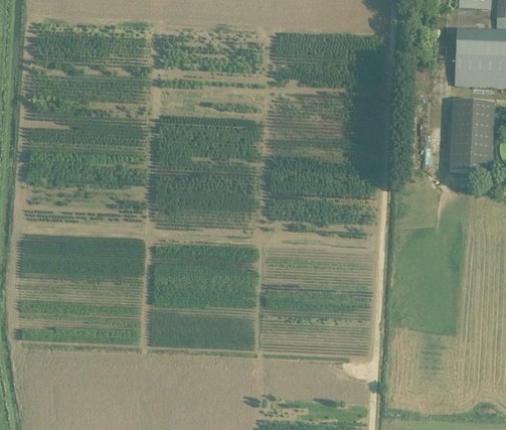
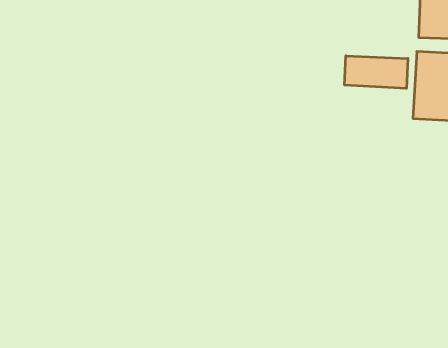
building: none -> [345,56,408,88]

